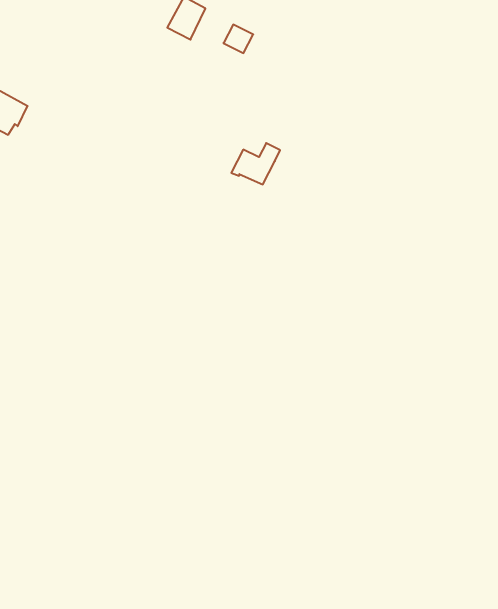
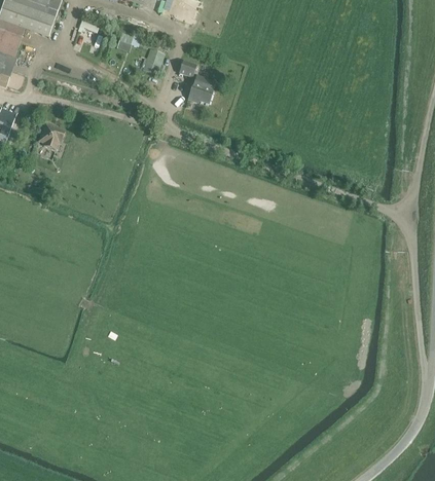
building: [231,143,280,184] -> [188,77,216,103]

